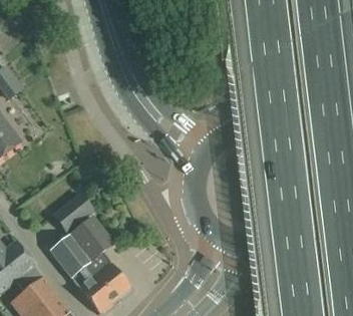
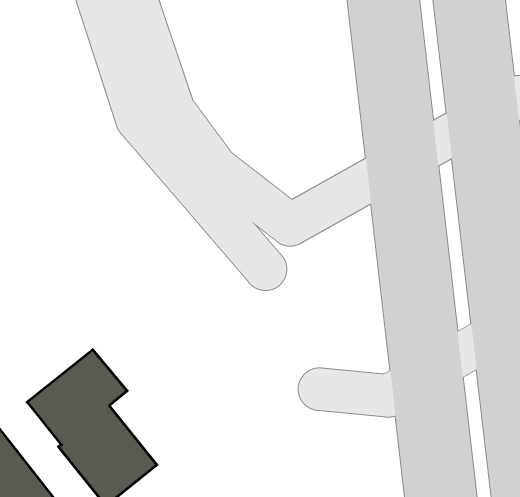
building: [53,191,95,234] -> none

